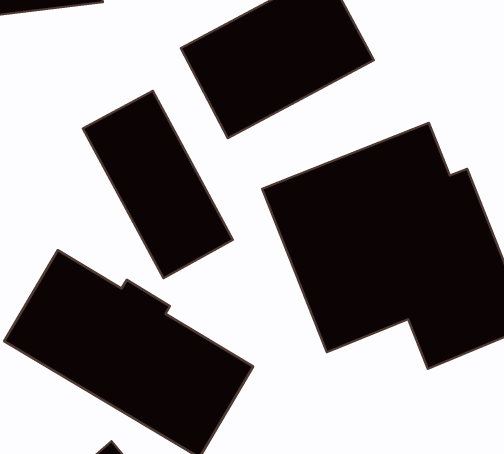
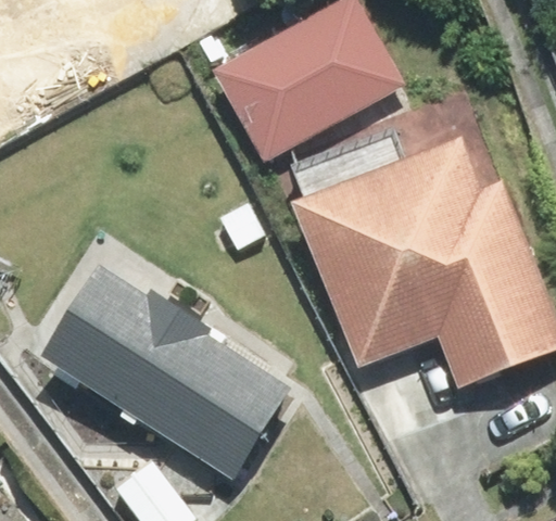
building: [83,91,233,278] -> none

